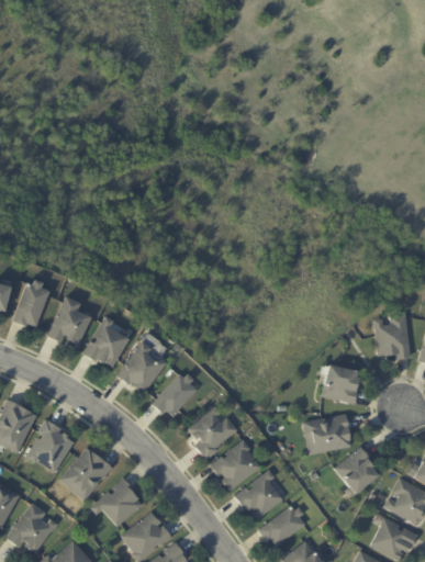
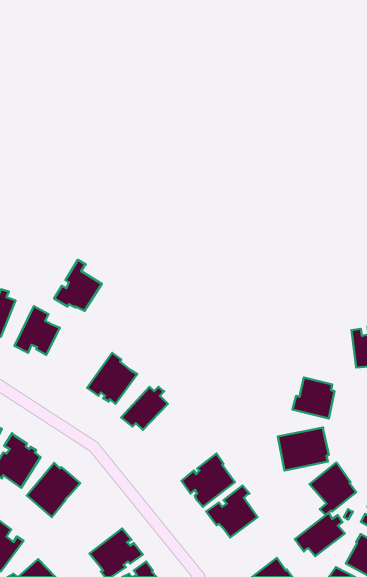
building: [83,316,130,366] -> [54,260,102,311]
building: [188,407,236,460] -> none
building: [89,477,141,526] -> none
building: [258,505,306,547] -> [295,513,345,556]

